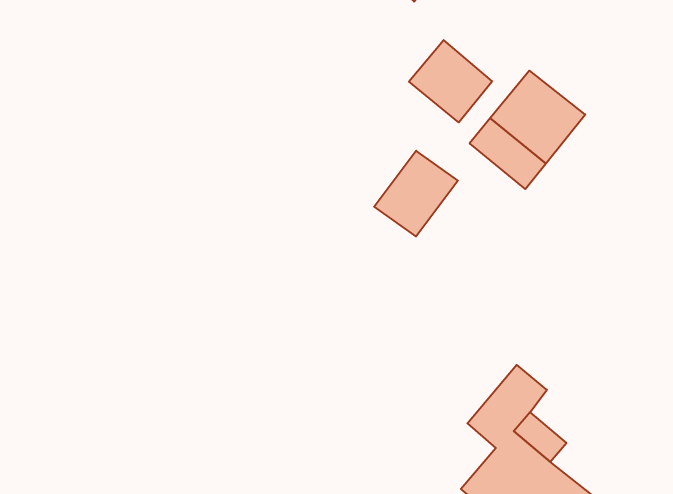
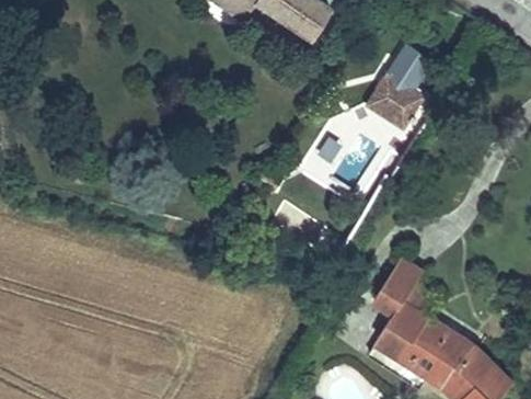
building: none -> [385,45,431,90]
building: [409,40,492,122] -> none

